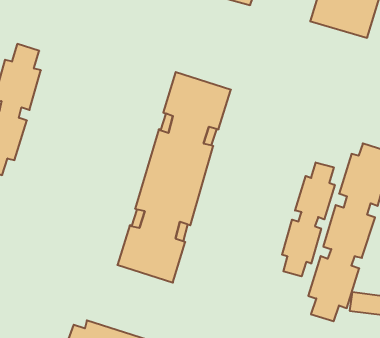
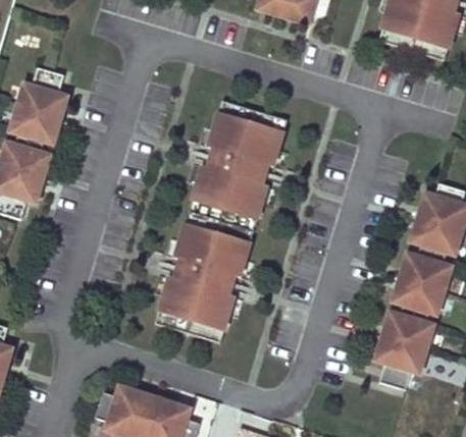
building: [282,162,335,276] -> none

